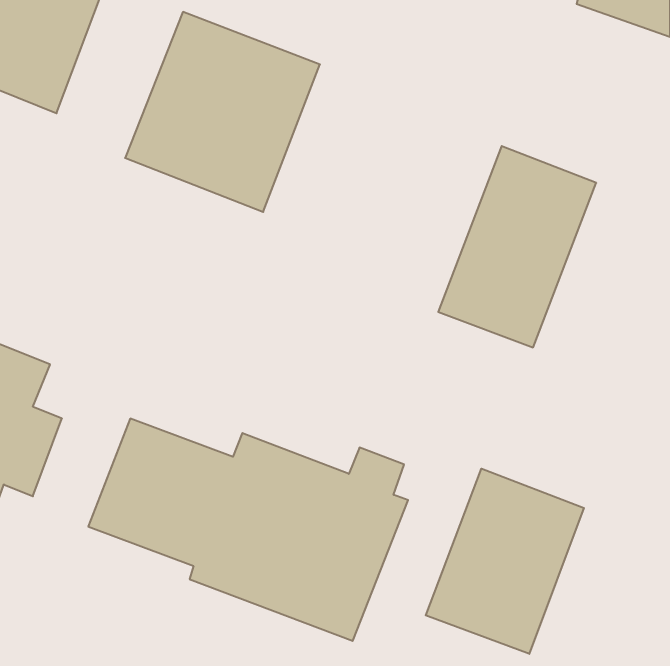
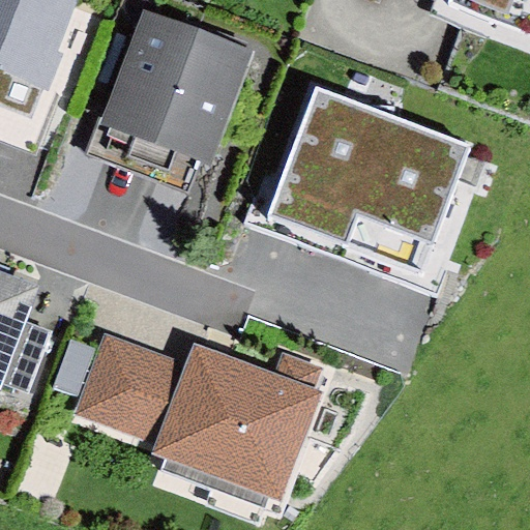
building: none -> [266,88,394,245]
building: [426,469,584,654] -> none

